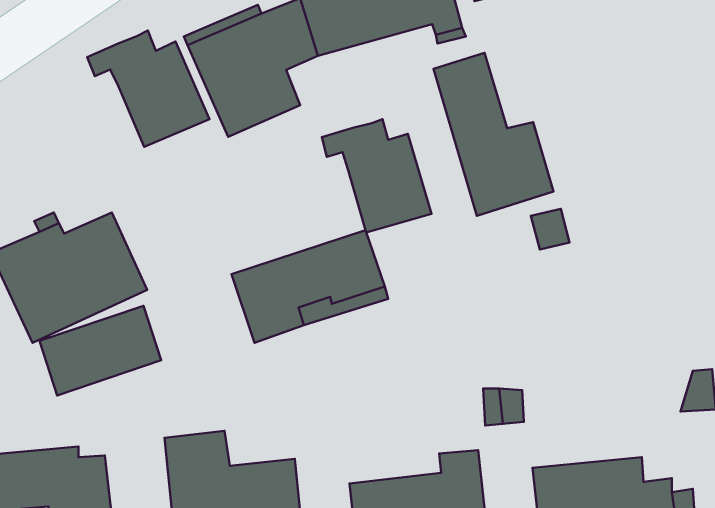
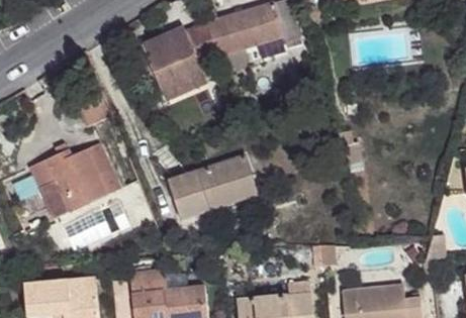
building: [87,30,209,147] -> none
building: [433,53,554,216] -> none
building: [322,119,432,233] -> none

